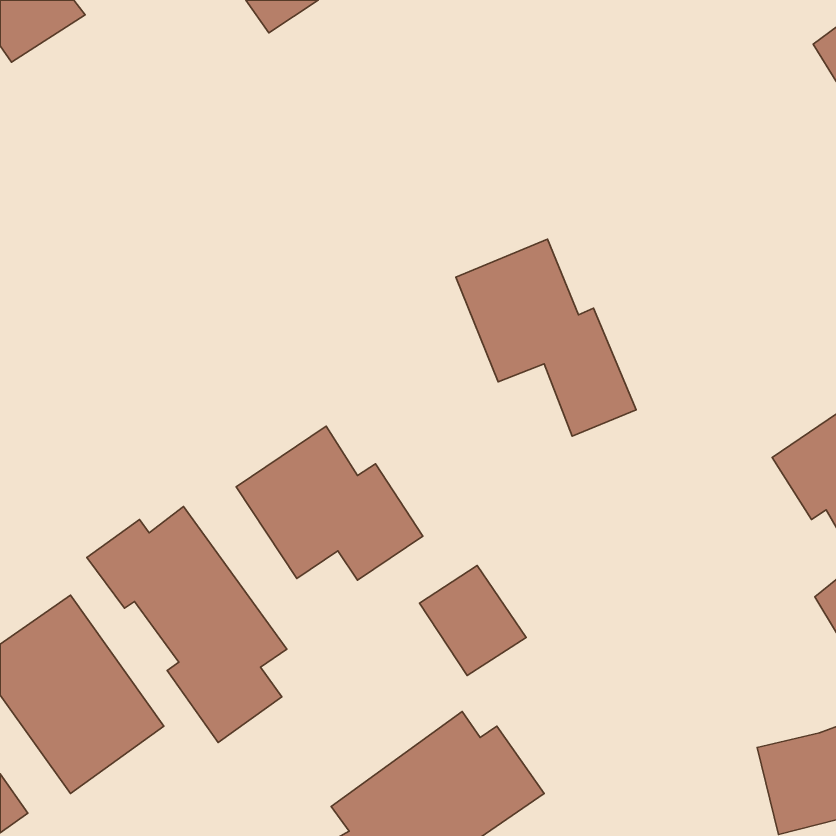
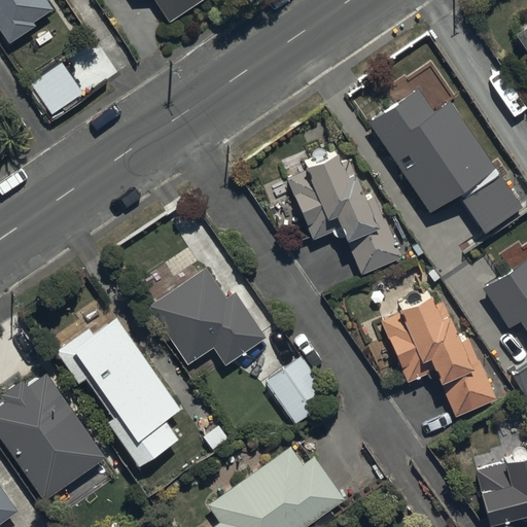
building: none -> [32,62,83,114]
building: none -> [368,89,522,233]
building: none -> [382,295,495,417]

